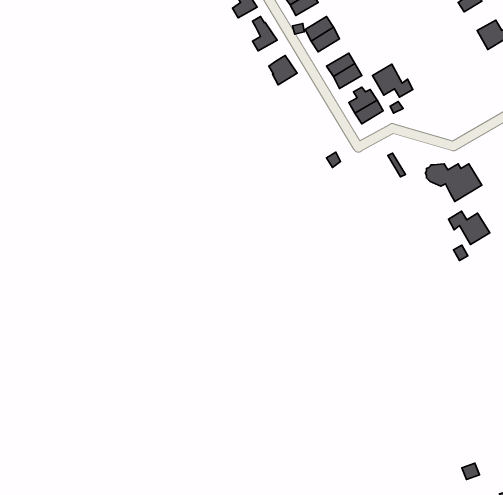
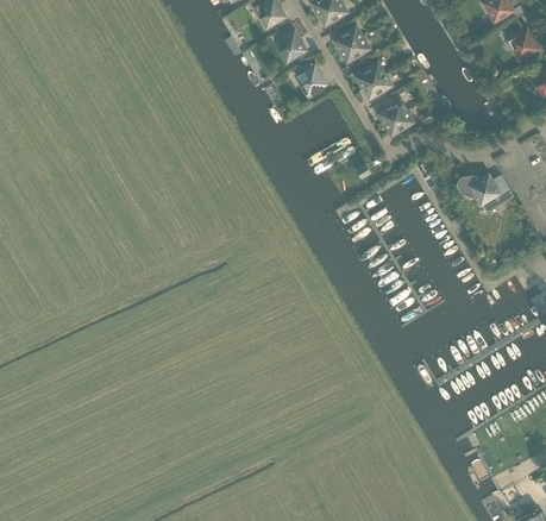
building: [372,64,413,97] -> none
building: [449,211,490,245] -> none

